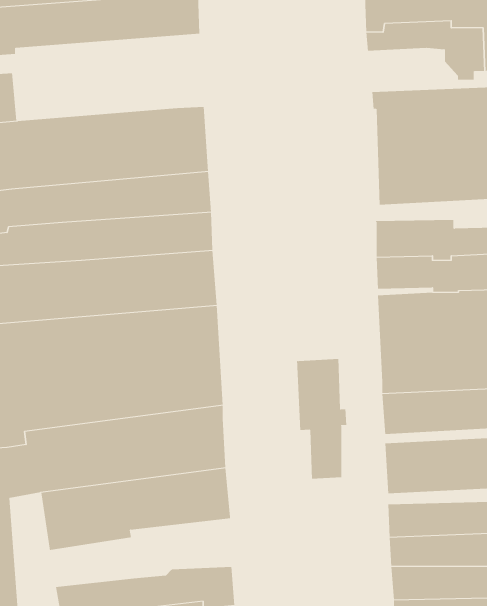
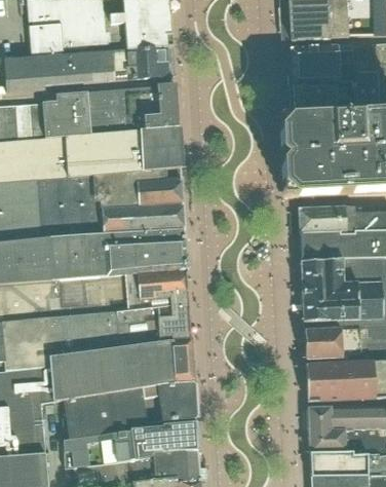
building: none -> [42,84,178,136]
building: none -> [293,84,356,114]
building: [296,358,347,480] -> none
building: none -> [63,422,197,466]

